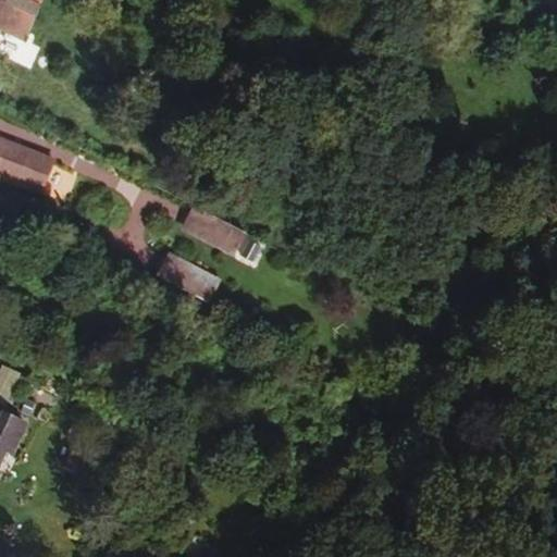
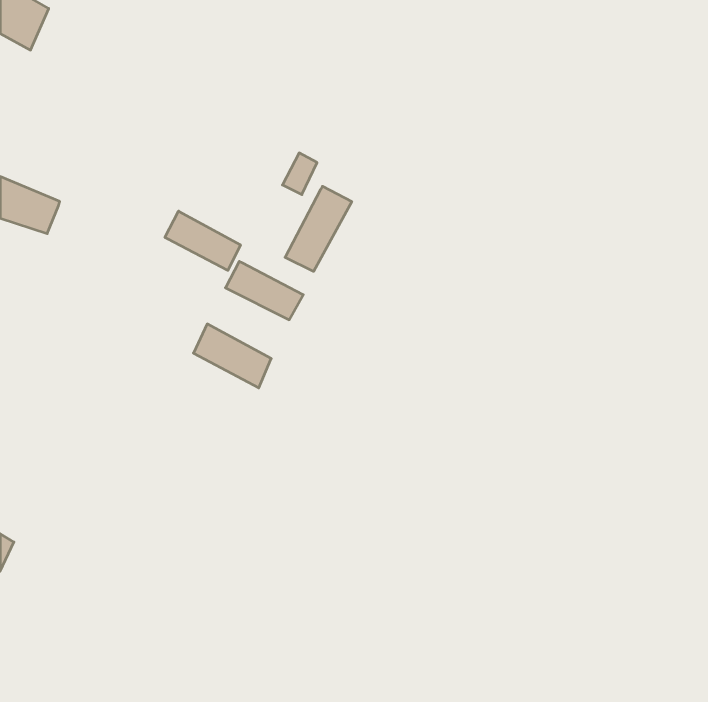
building: none -> [285,186,352,271]
building: none -> [165,211,240,270]

